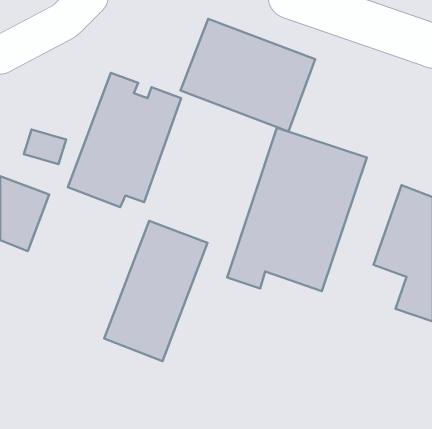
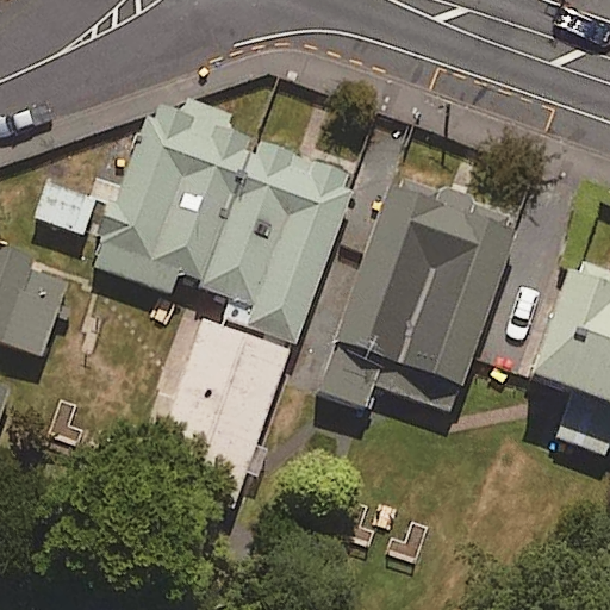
building: [181,19,315,132] -> none
building: none -> [204,138,356,342]

